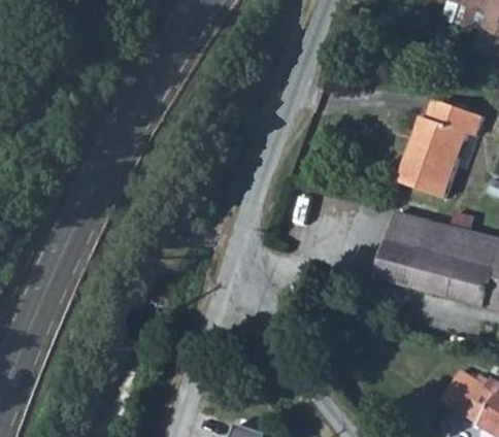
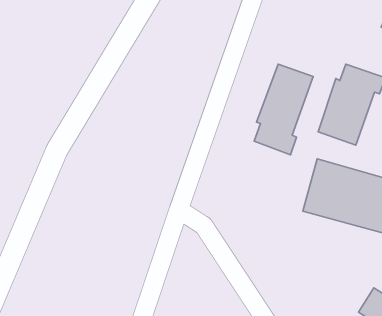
building: none -> [254,64,313,155]

